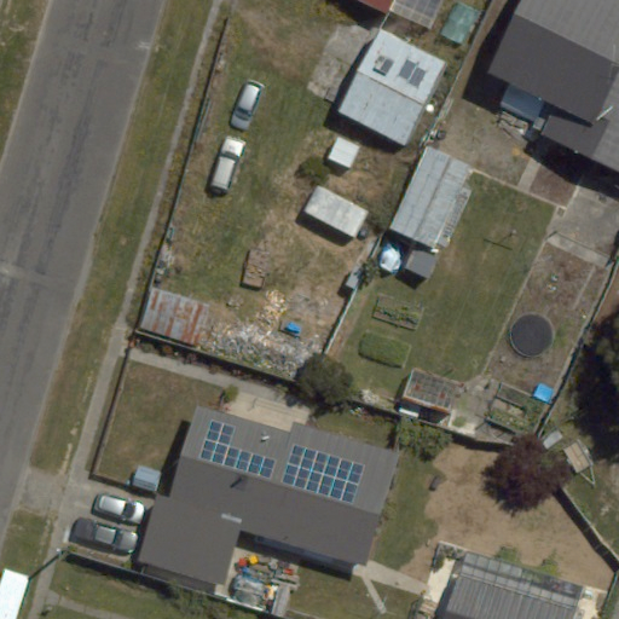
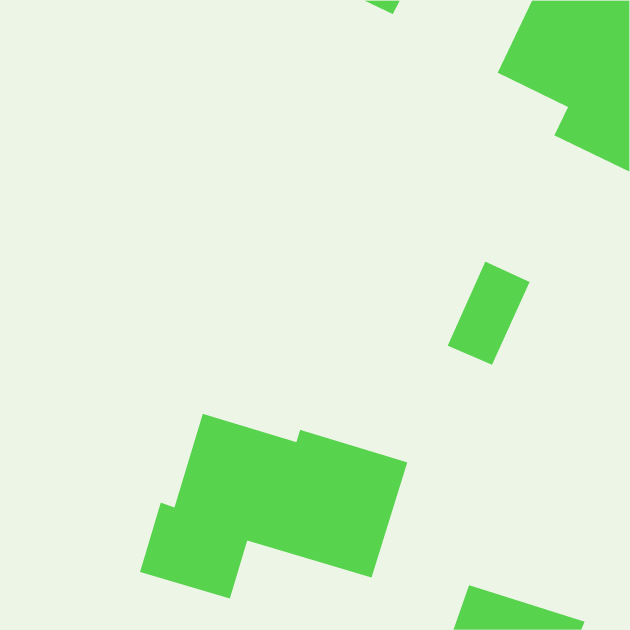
building: [339,27,446,143] -> none
building: [389,145,472,248] -> [447,261,531,366]

